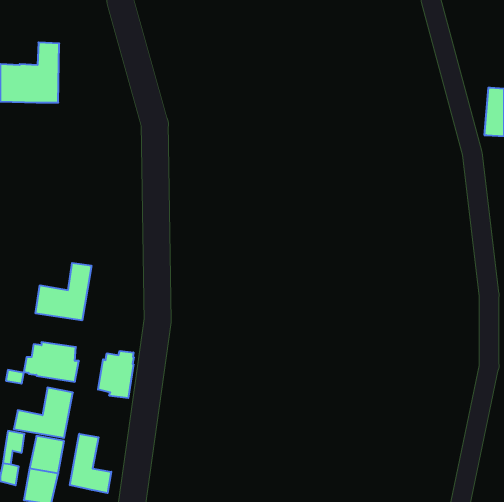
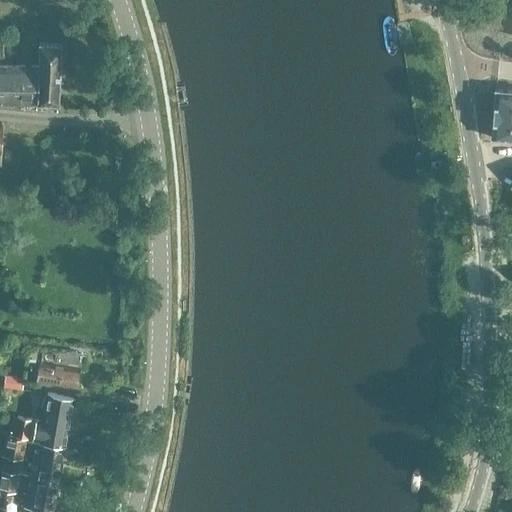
building: [36,263,91,320] -> none
building: [98,351,134,398] -> none
building: [70,434,111,493] -> none

